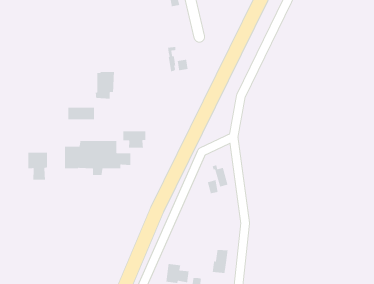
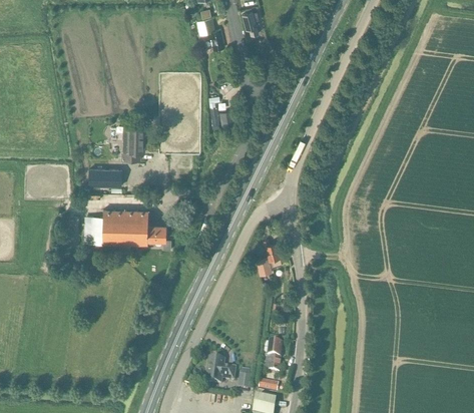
building: [122,131,146,148] -> none
building: [28,152,48,181] -> none

